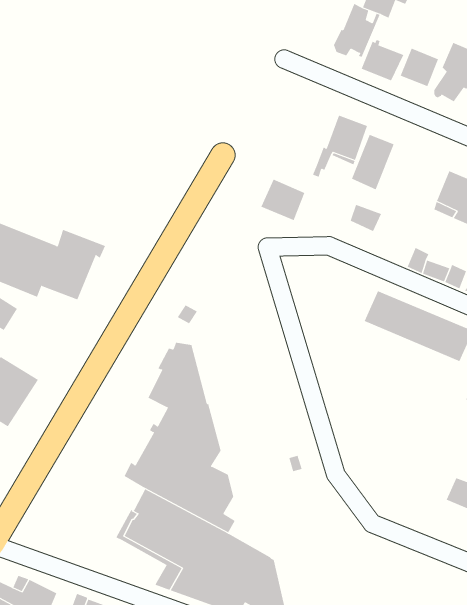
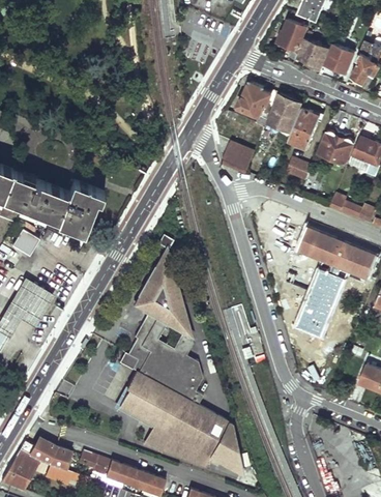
building: none -> [238,82,277,131]
building: none -> [318,127,354,165]
building: none -> [297,266,347,335]

